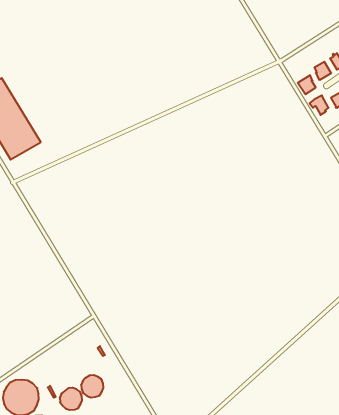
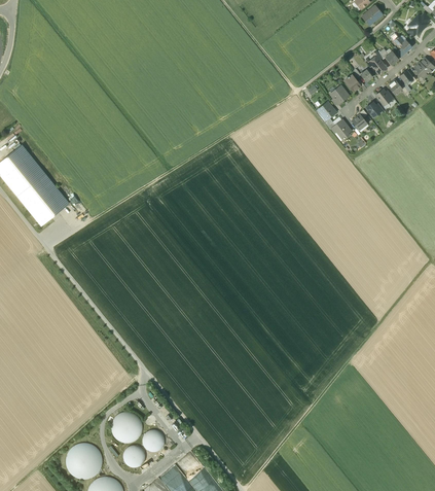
building: none -> [111,412,142,444]

